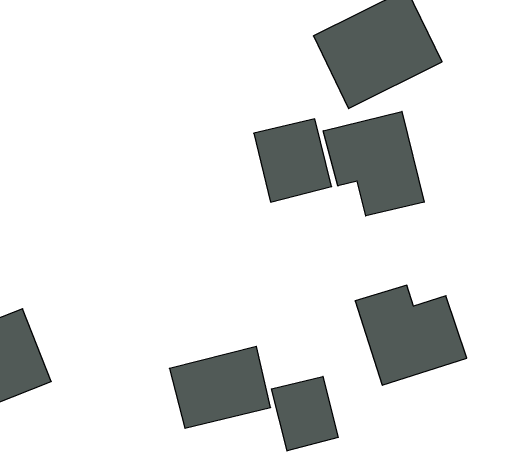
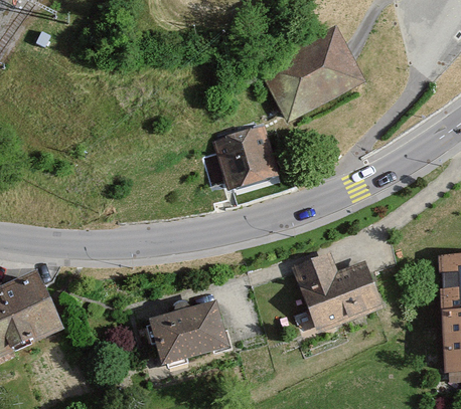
building: [323,111,424,216] -> none
building: [271,376,338,451] -> none

